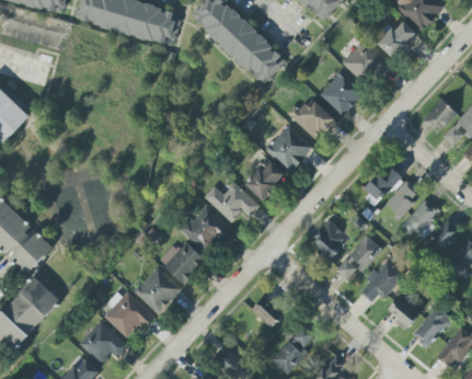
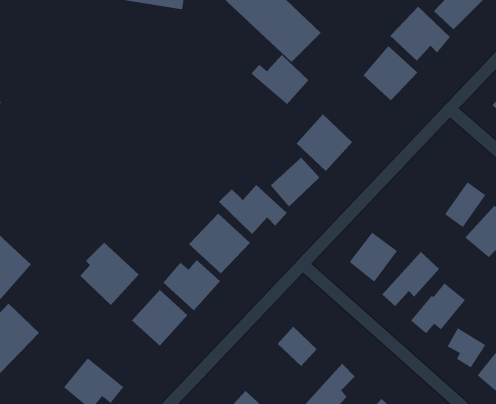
building: [287,99,334,139] -> [251,54,309,105]
building: [367,164,402,200] -> none
building: [104,289,152,341] -> [80,242,140,306]

